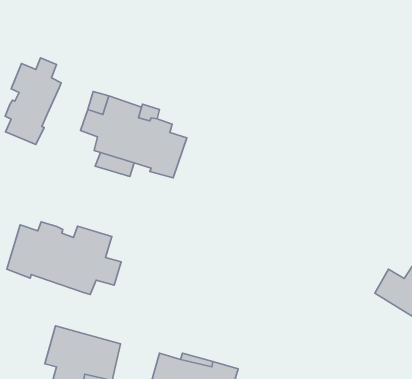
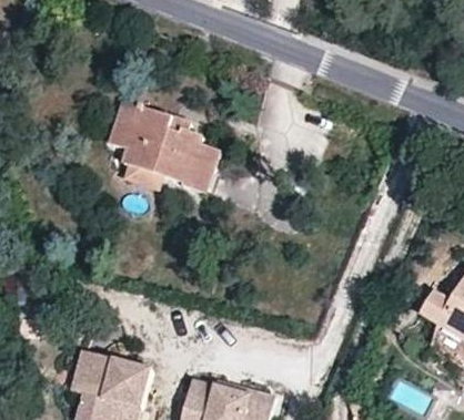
building: [5,58,61,145] -> none
building: [7,222,121,294] -> none

